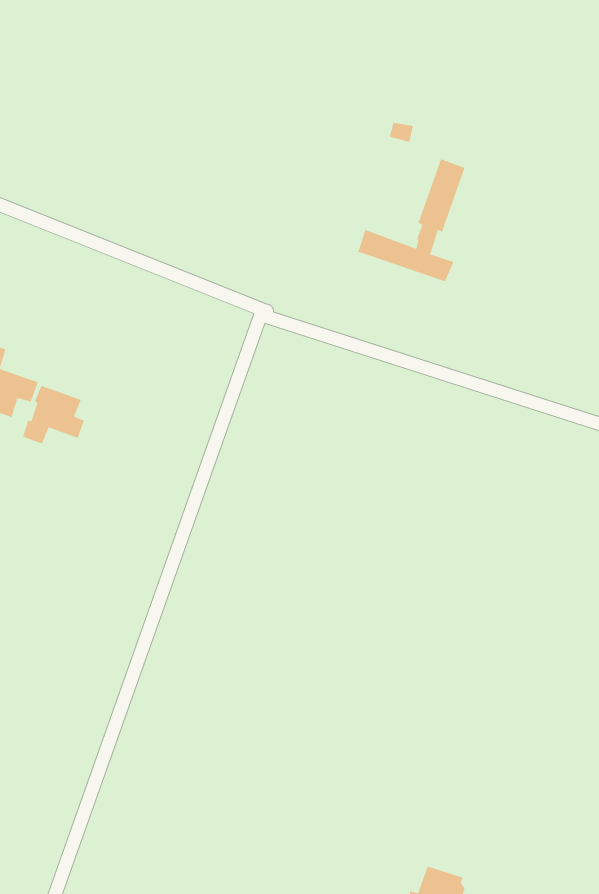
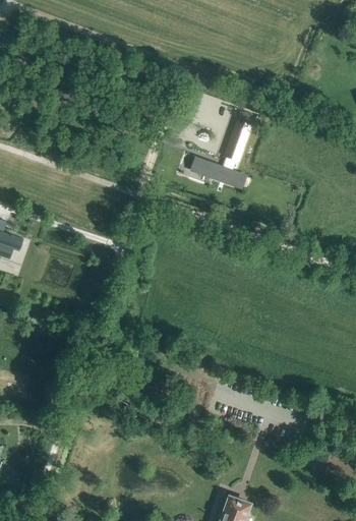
building: [22,385,85,444] -> none

